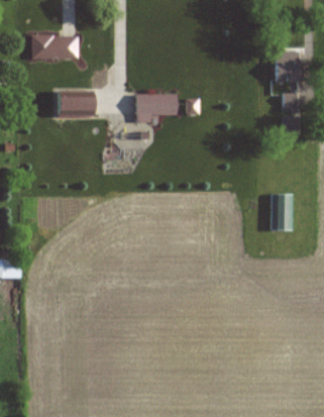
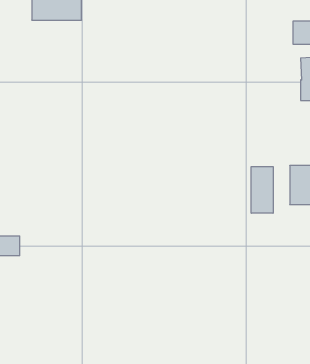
building: [136,94,178,115] -> none
building: [59,96,95,117] -> none
building: none -> [251,167,273,213]

